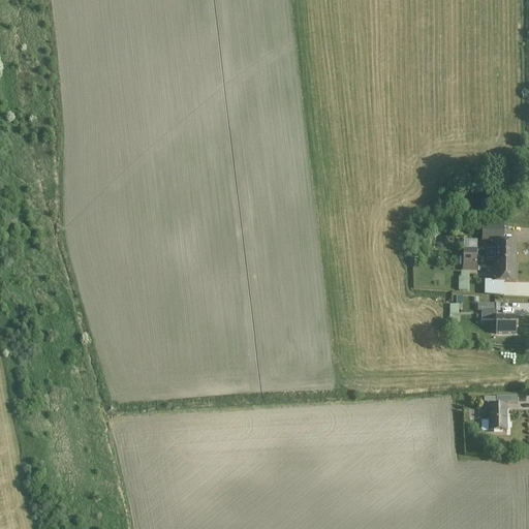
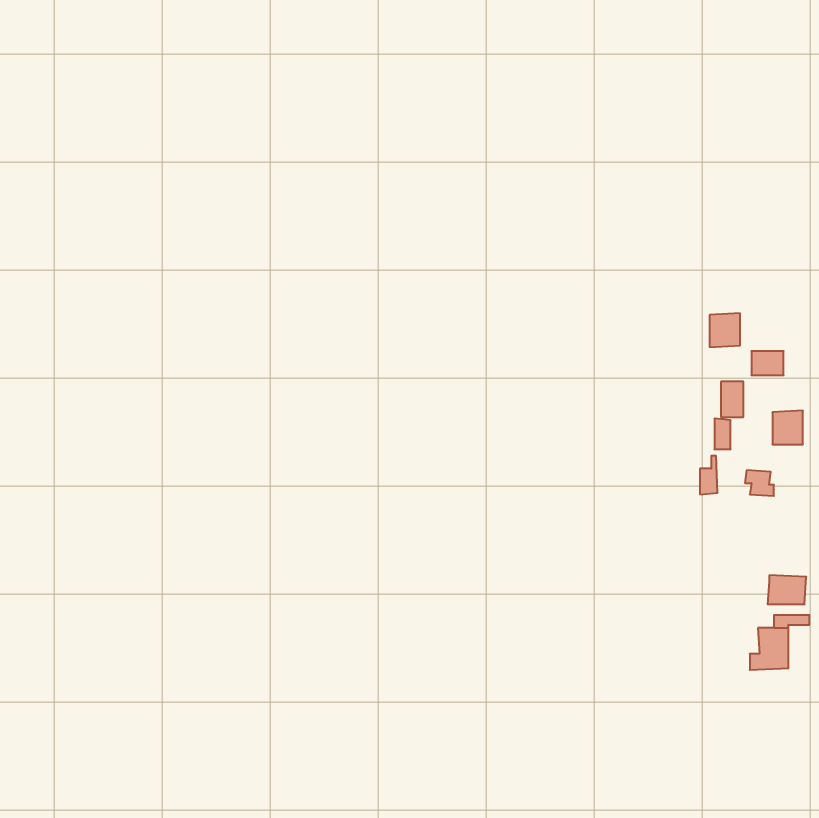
building: [496,243,516,264] -> [710,313,740,347]
building: [496,314,521,333] -> [768,575,806,604]

